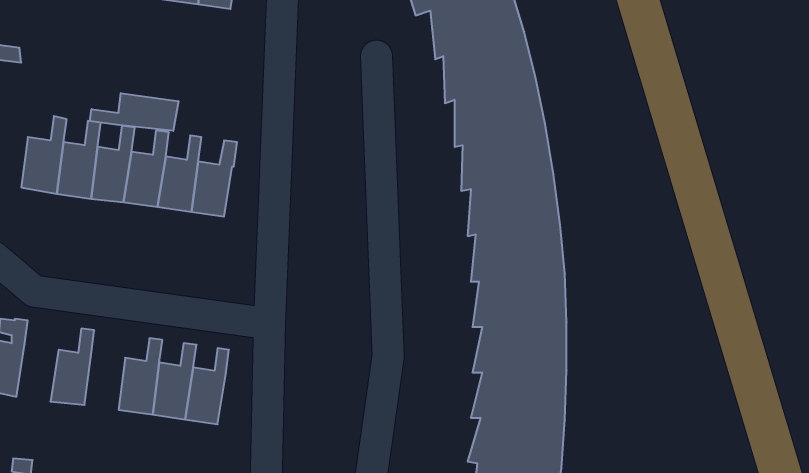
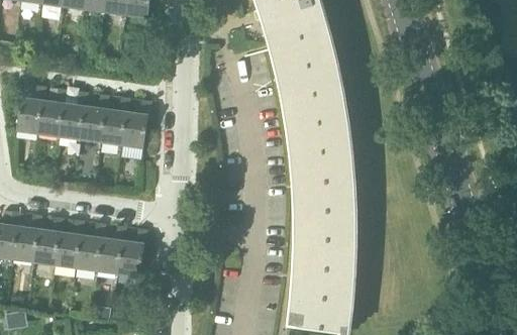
building: [90,93,178,131] -> none
building: none -> [12,215,40,263]
building: none -> [55,221,82,268]

